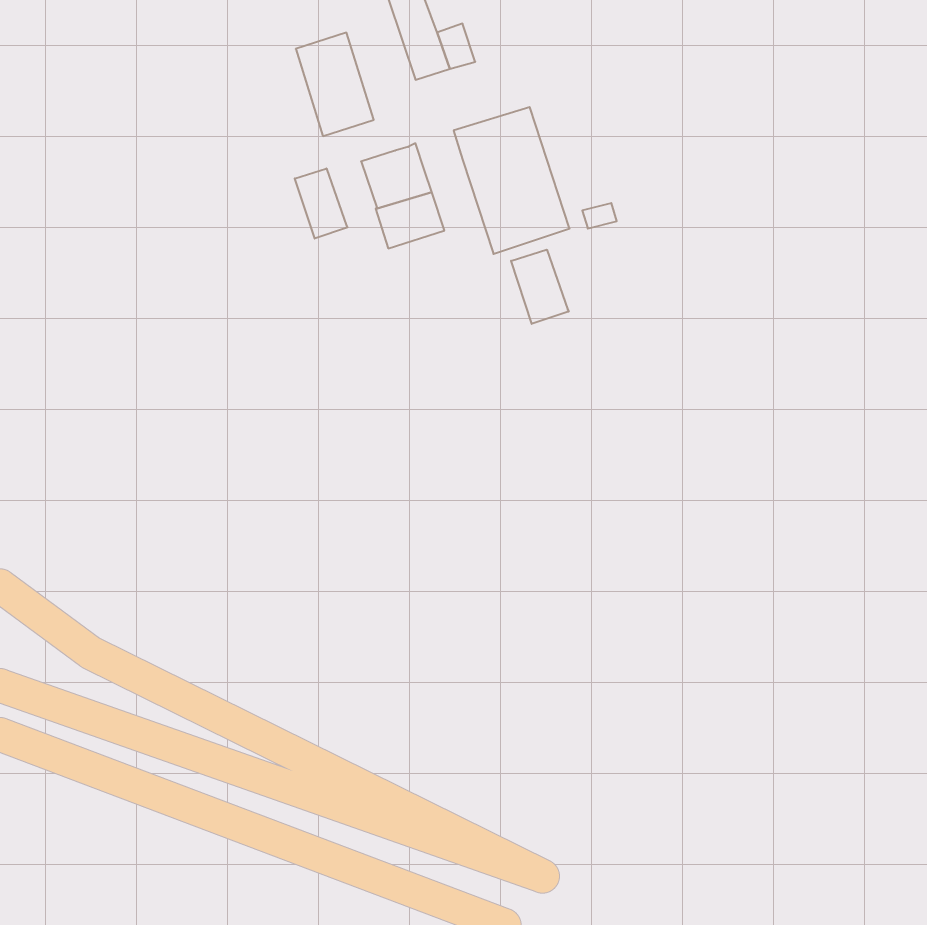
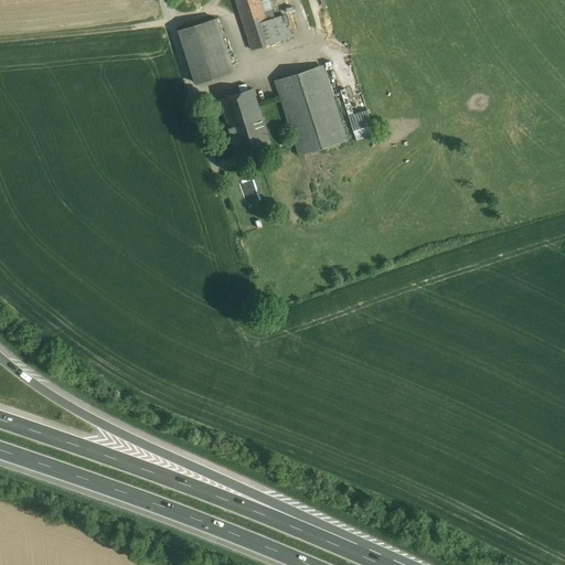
building: [295,168,348,239] -> none
building: [511,250,569,324] -> none

